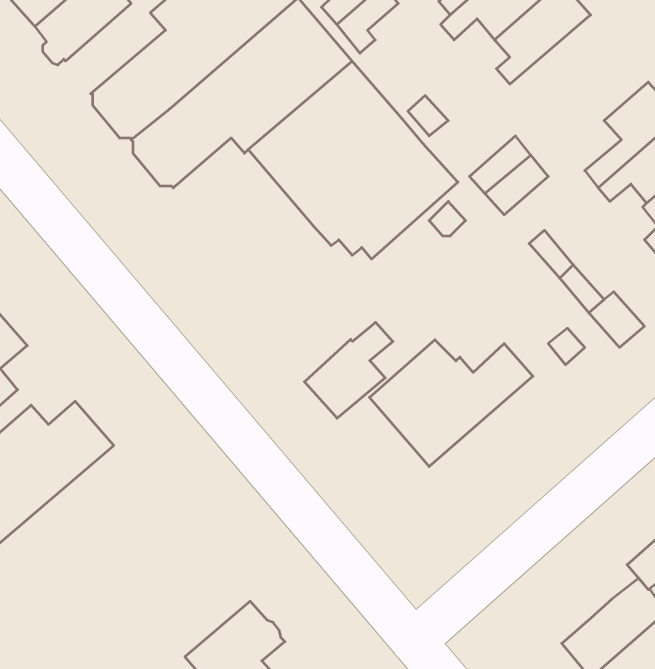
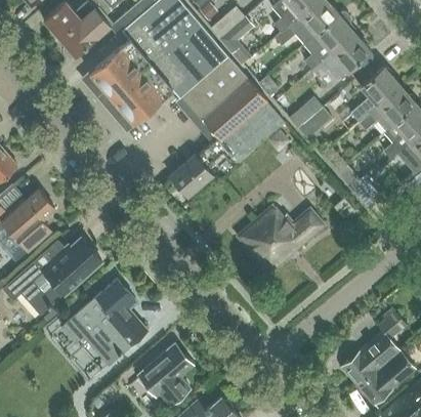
building: none -> [312,32,372,80]
building: [304,322,393,418] -> [170,144,217,196]
building: none -> [62,279,148,364]

